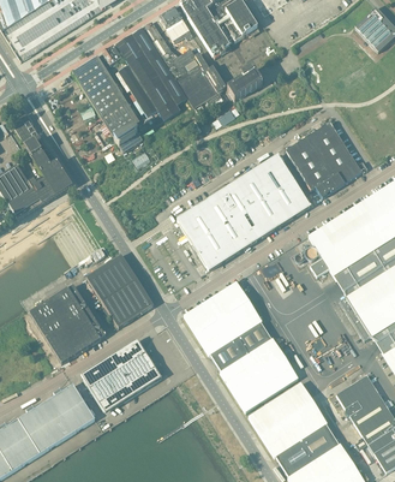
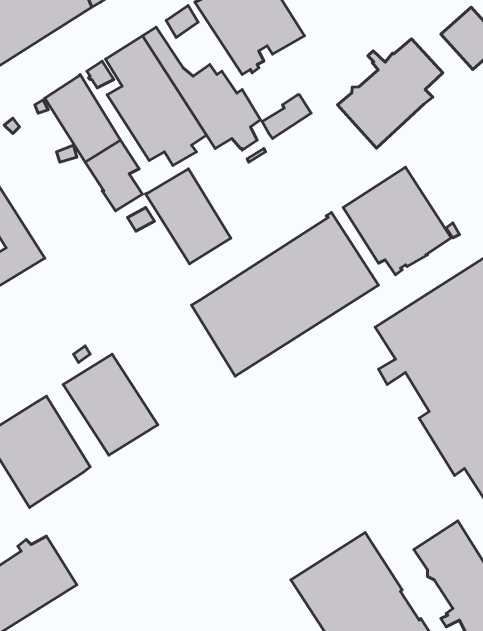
building: none -> [338,39,443,148]
building: none -> [146,169,231,264]
building: [182,280,298,411] -> none
building: [80,338,161,411] -> none

